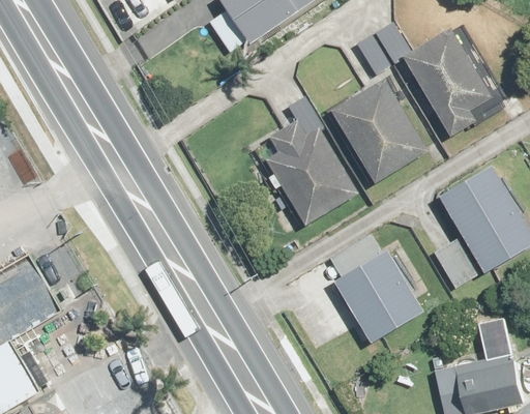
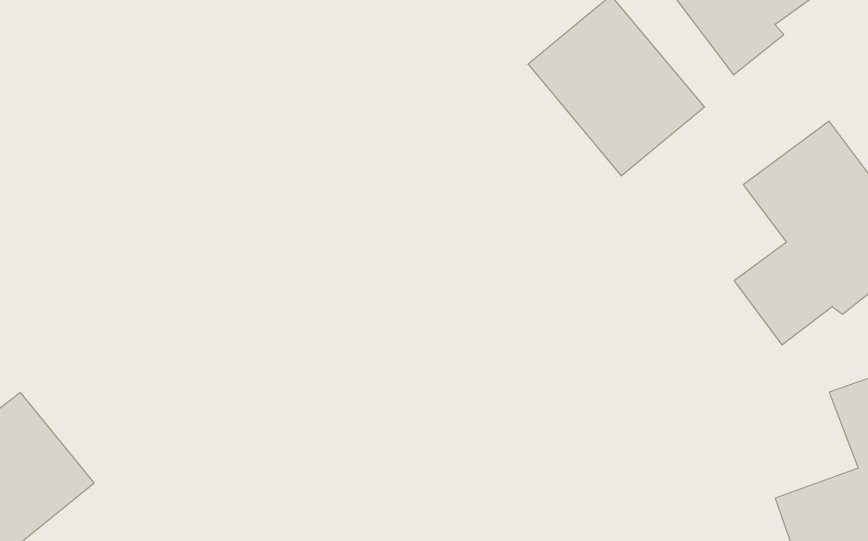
building: [266,121,358,221] -> none
building: [326,230,421,342] -> none

